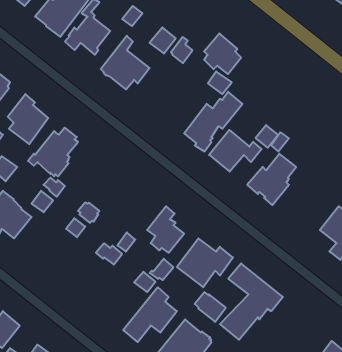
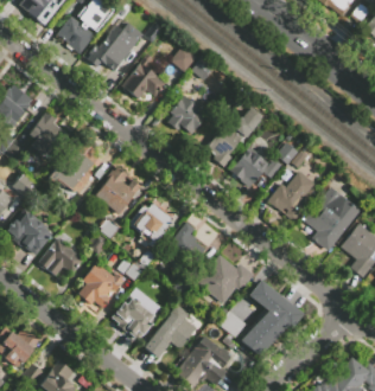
building: [204,33,241,74] -> [170,95,206,135]
building: none -> [96,167,142,214]
building: none -> [306,195,355,252]
building: none -> [129,201,173,246]
building: none -> [38,238,84,278]
building: none -> [78,263,126,308]
building: none -> [110,294,153,340]

